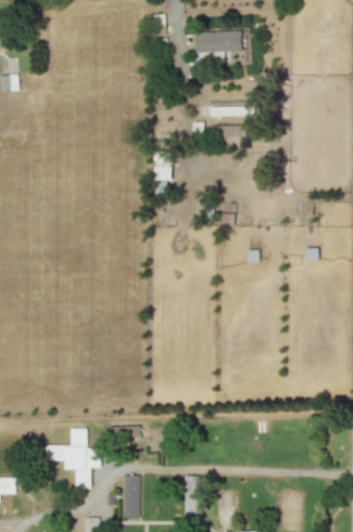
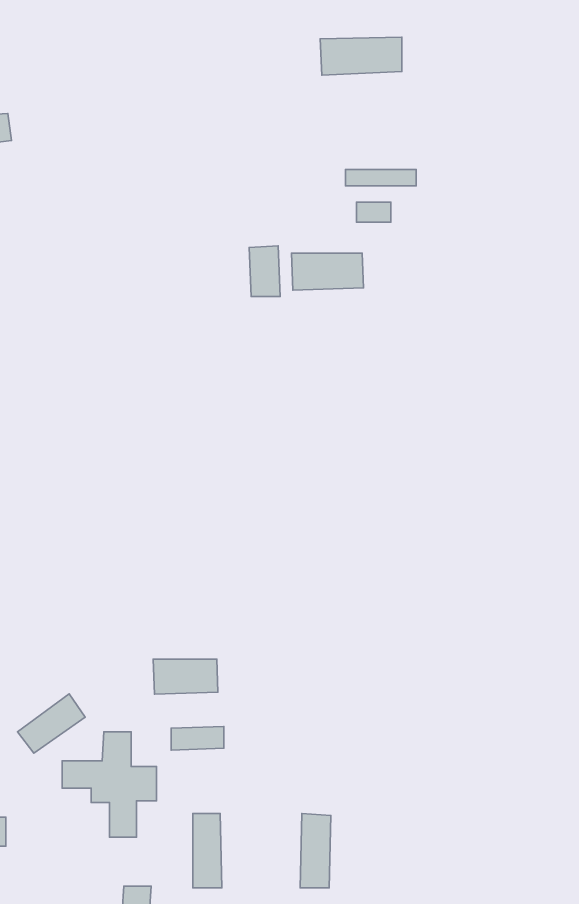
building: none -> [292,253,363,290]
building: none -> [153,659,218,694]
building: none -> [18,694,85,753]

